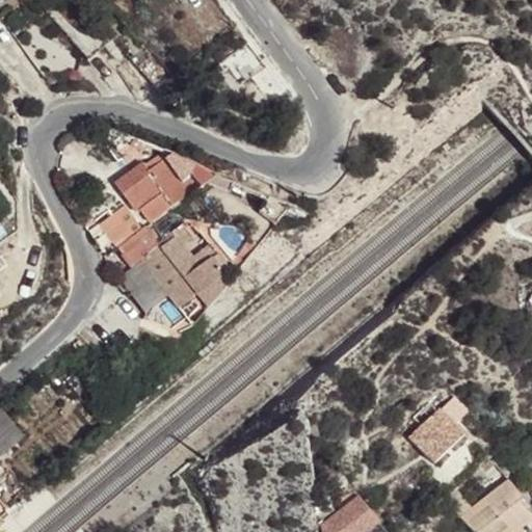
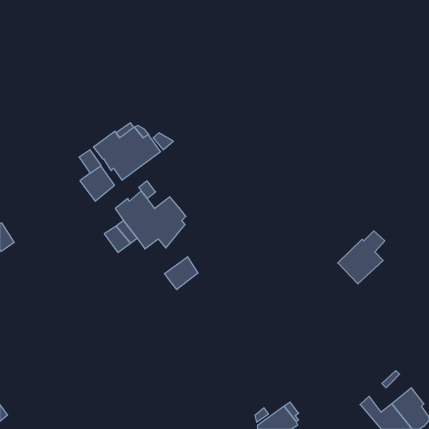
building: [117,225,159,267] -> none
building: none -> [165,257,198,290]
building: [408,398,467,463] -> [338,231,385,284]

